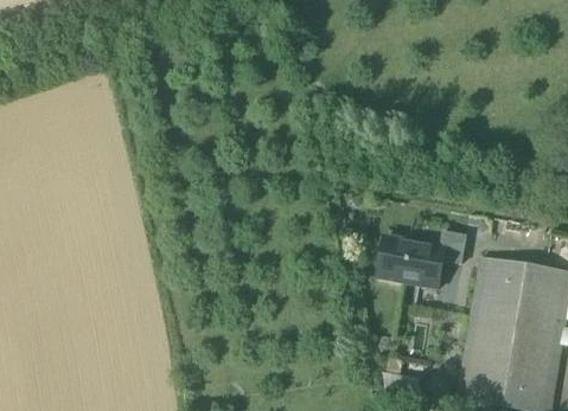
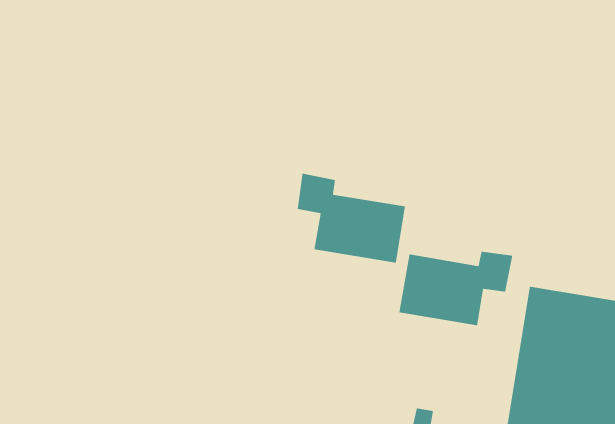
building: none -> [297,173,405,264]

